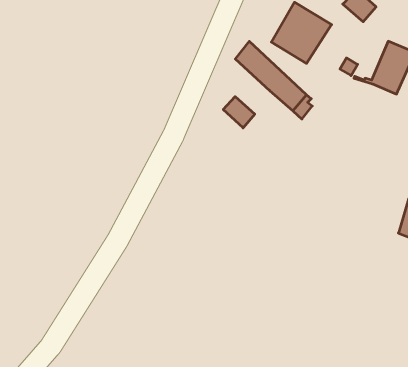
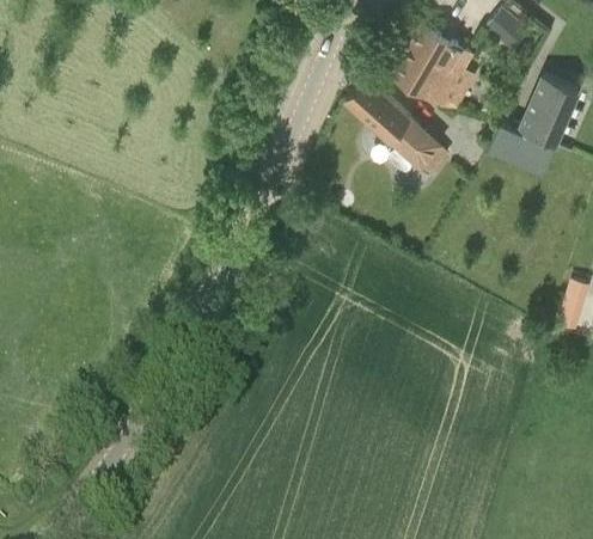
building: none -> [489,125,555,174]
building: [223,97,255,128] -> none

